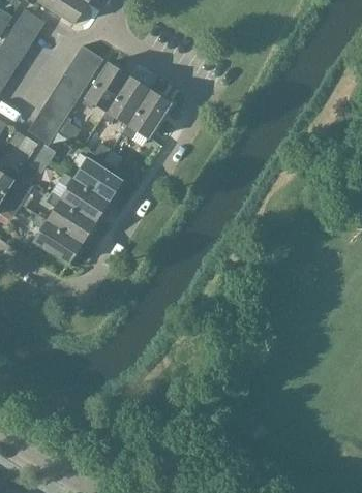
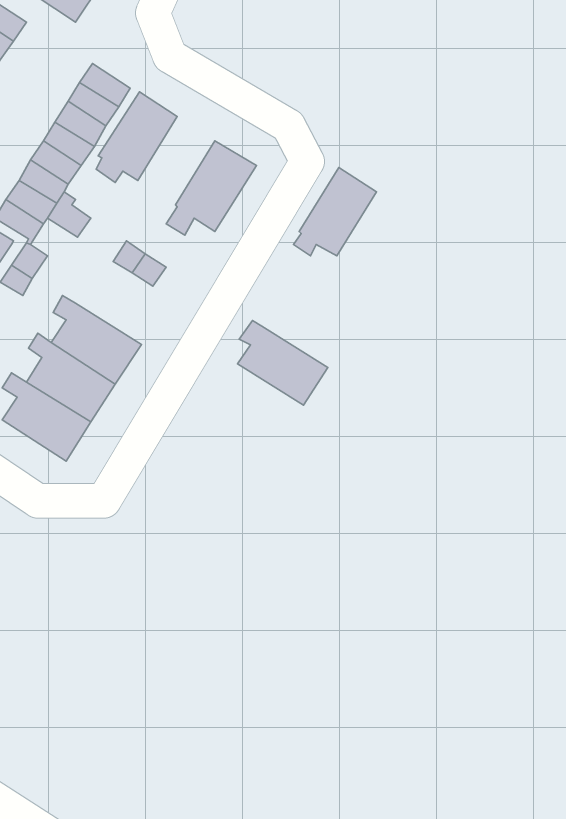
building: [103,75,149,124] -> [294,167,376,256]
building: [72,154,122,201] -> [237,320,328,405]

